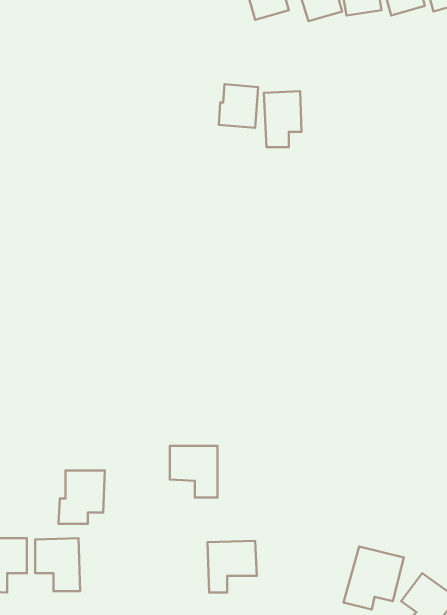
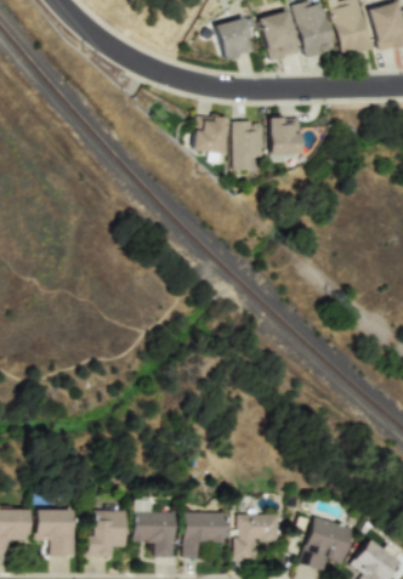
building: none -> [269,117,302,154]
building: [170,446,217,498] -> [135,512,176,557]
building: [58,471,105,524] -> [87,510,127,556]
building: none -> [235,513,280,558]

